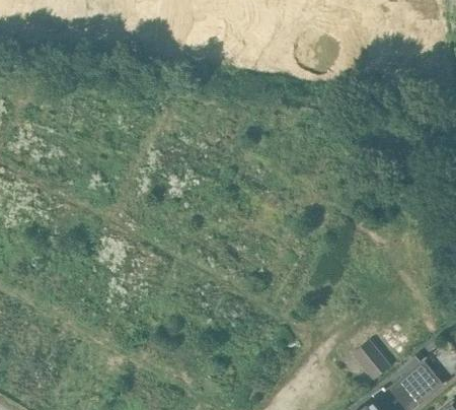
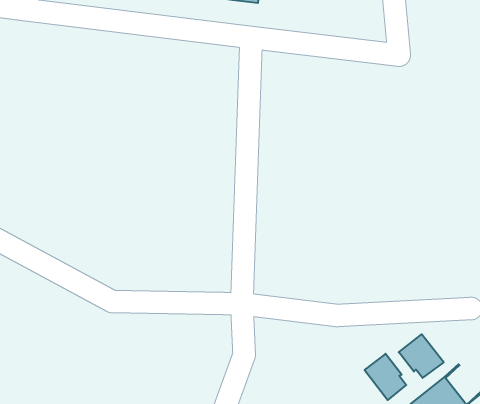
building: none -> [399,334,444,378]

